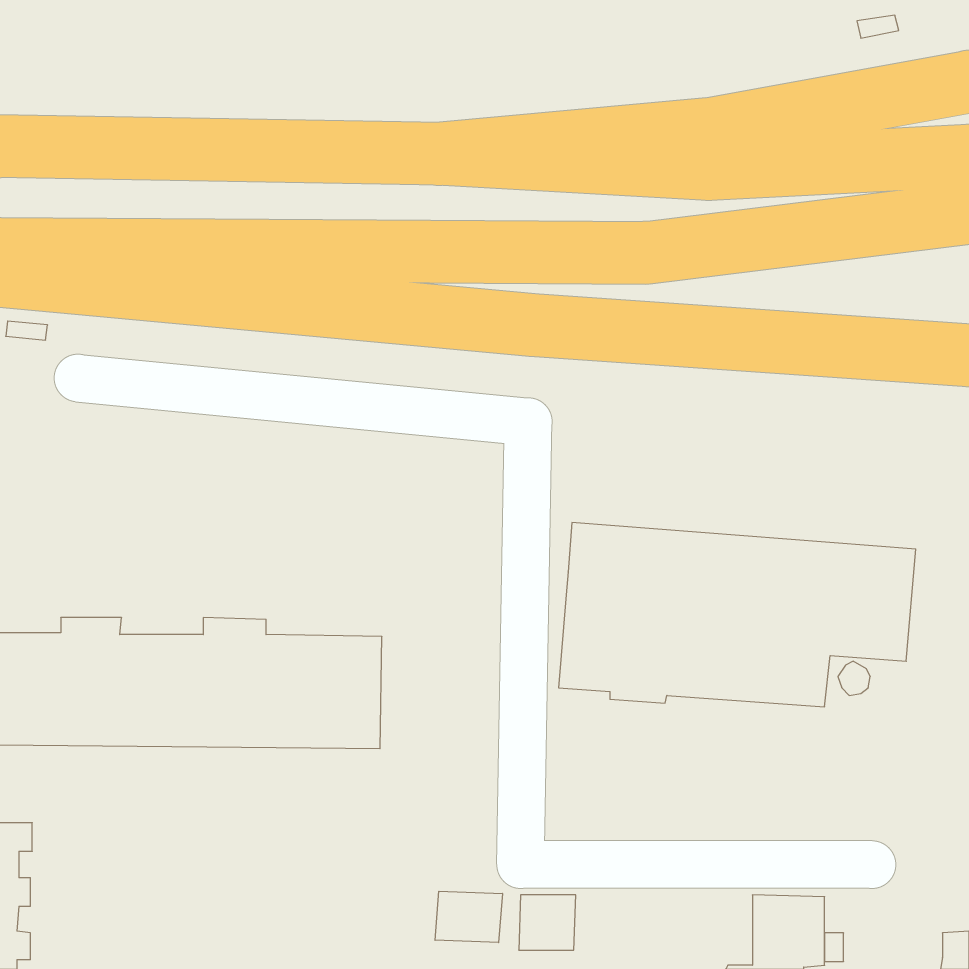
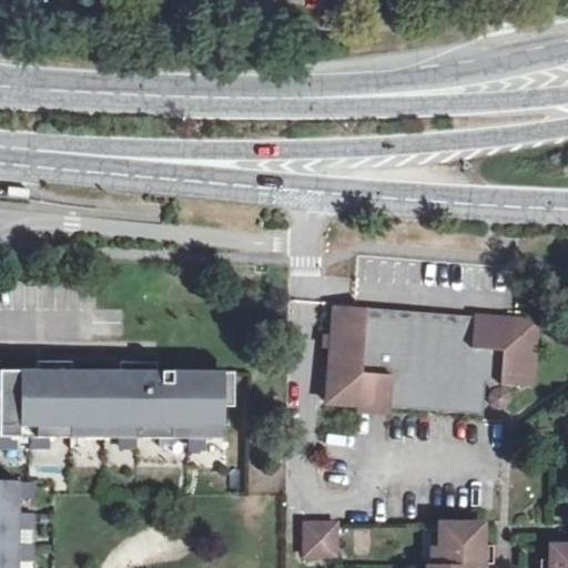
building: [435,891,502,943] -> none

